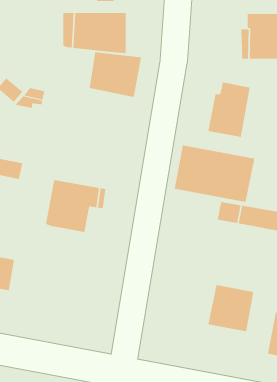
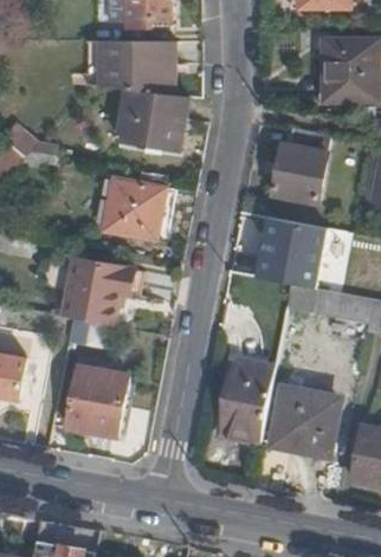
building: none -> [103,179,172,242]
building: none -> [221,362,275,440]
building: none -> [67,367,129,438]

